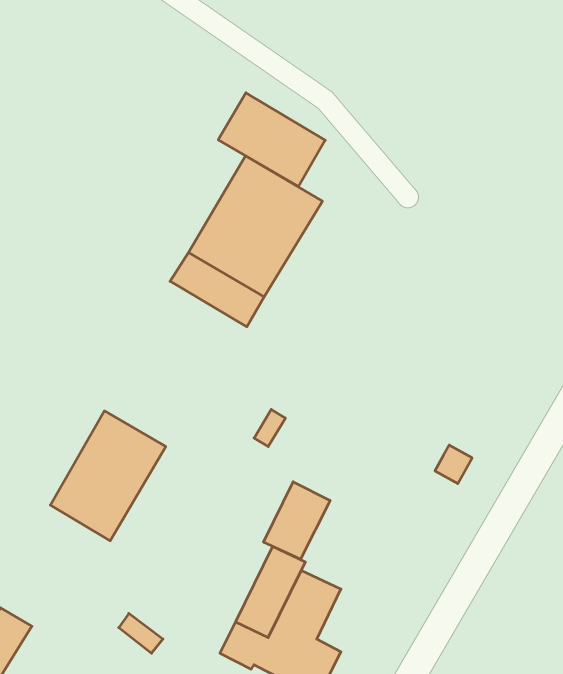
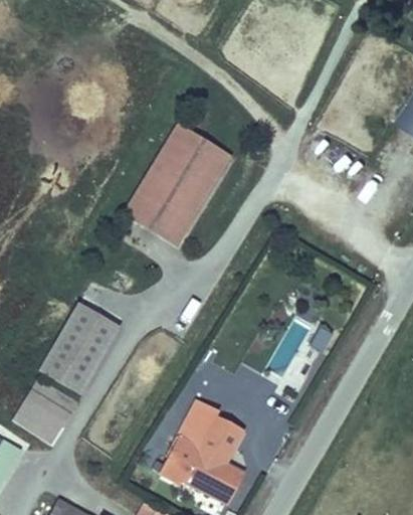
building: [218,93,325,187] -> none
building: [264,482,330,559] -> none
building: none -> [13,379,77,446]

